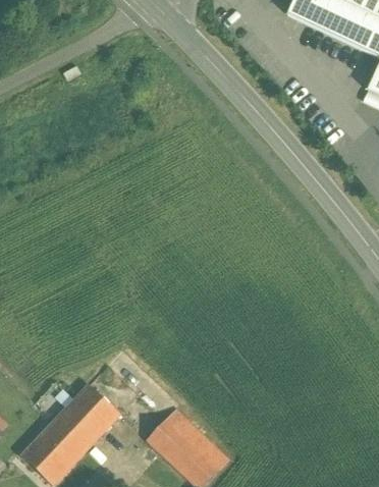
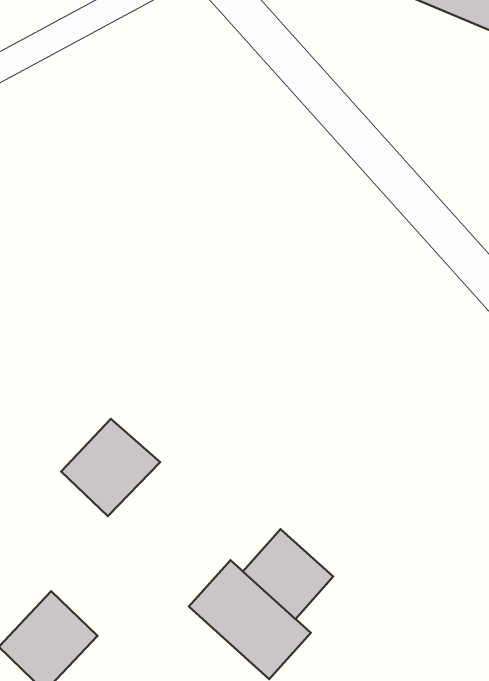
building: none -> [243,529,333,619]
building: [59,382,124,446] -> [61,419,160,516]

